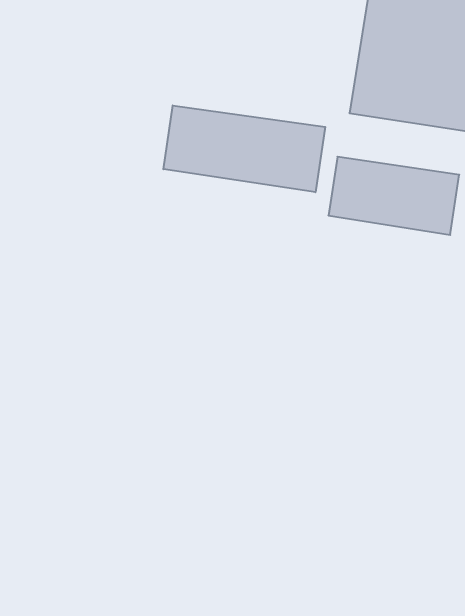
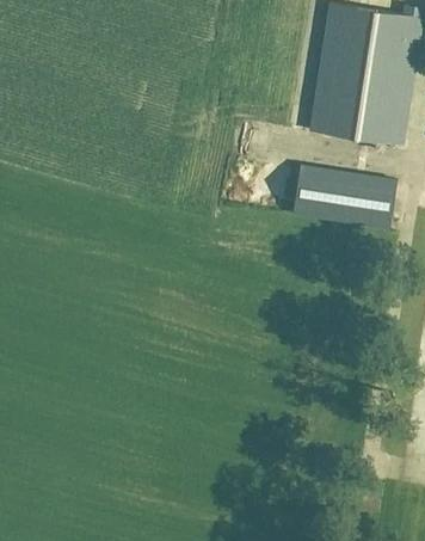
building: [163,105,325,192] -> none

